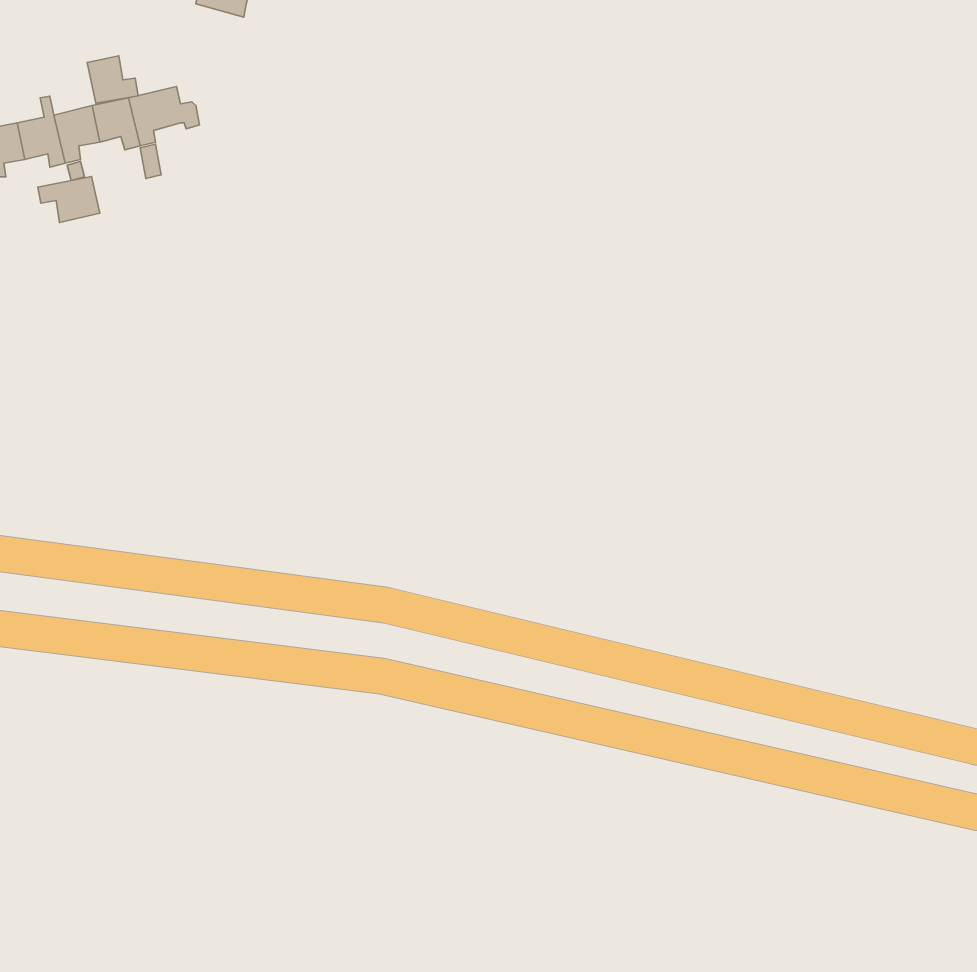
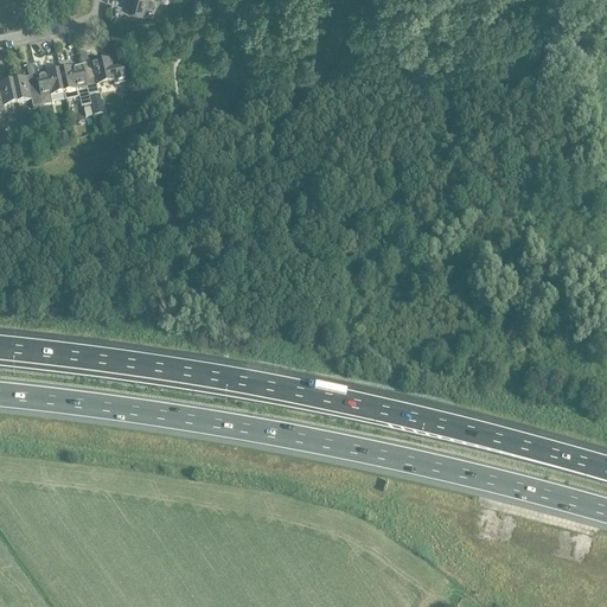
building: [87,56,138,103] -> none
building: [38,176,100,222] -> none

